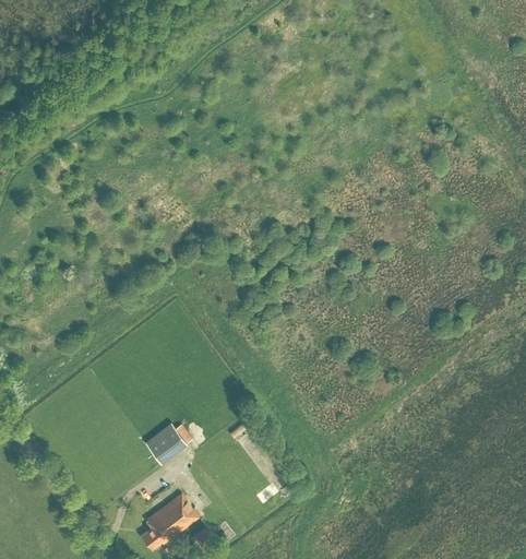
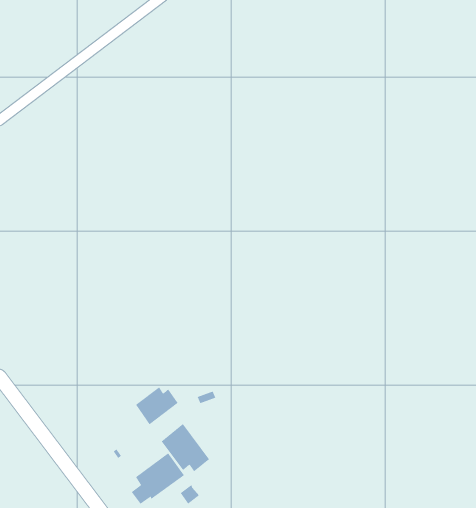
building: none -> [161,423,210,472]

